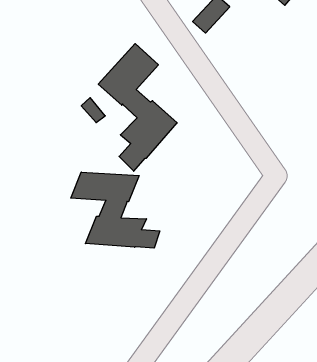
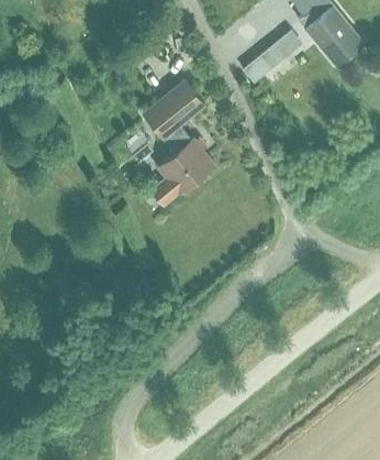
building: [71,172,160,248] -> none

